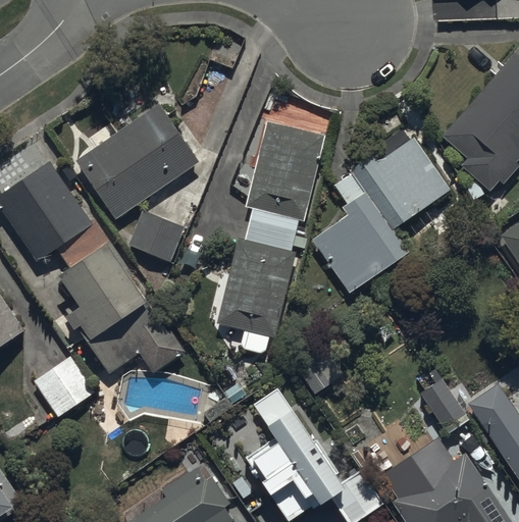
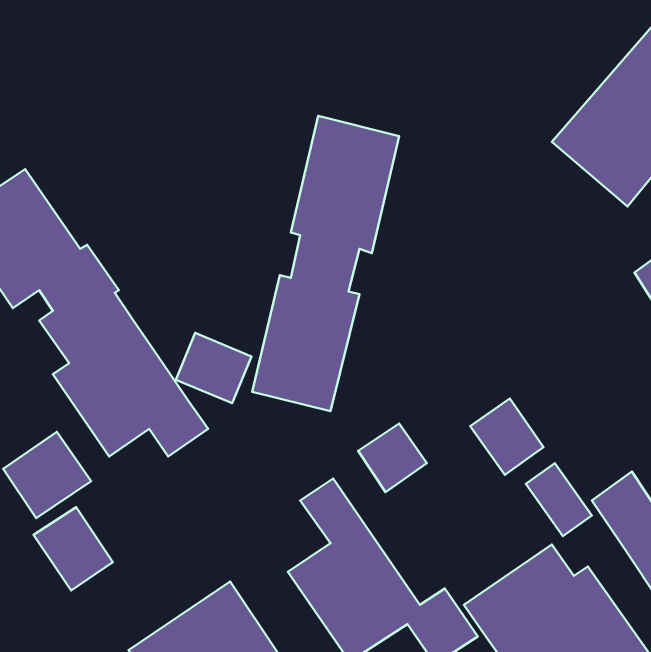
building: [74,102,200,219] -> none
building: [312,135,450,294] -> none
building: [129,210,186,262] -> [176,333,251,403]
building: none -> [470,399,544,475]
building: none -> [34,507,113,590]

